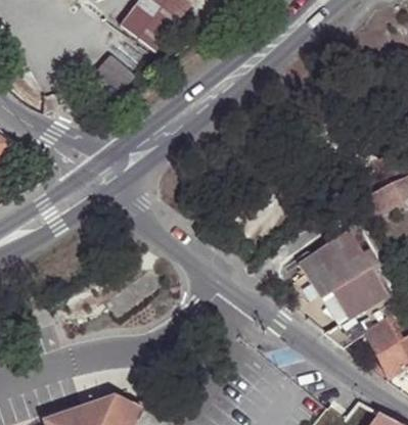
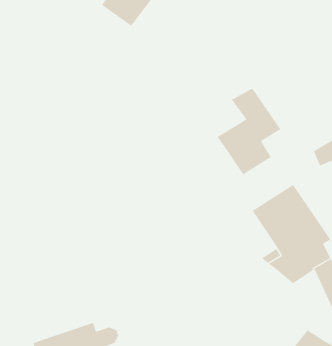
building: [90,57,135,100] -> none
building: none -> [217,88,281,175]

